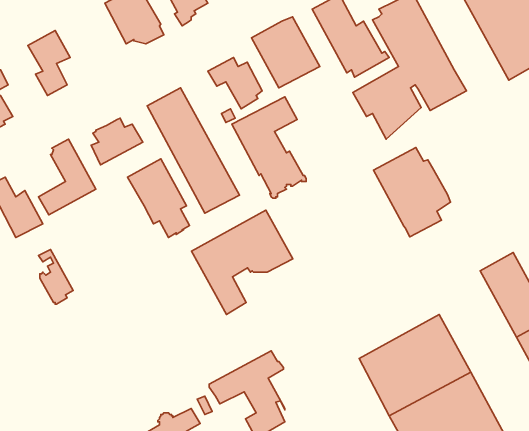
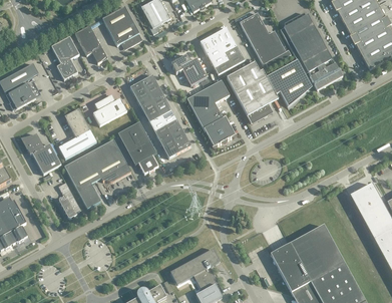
building: none -> [73,24,106,61]
building: [373,148,451,237] -> [226,61,277,120]
building: [192,210,293,315] -> [63,138,130,208]

